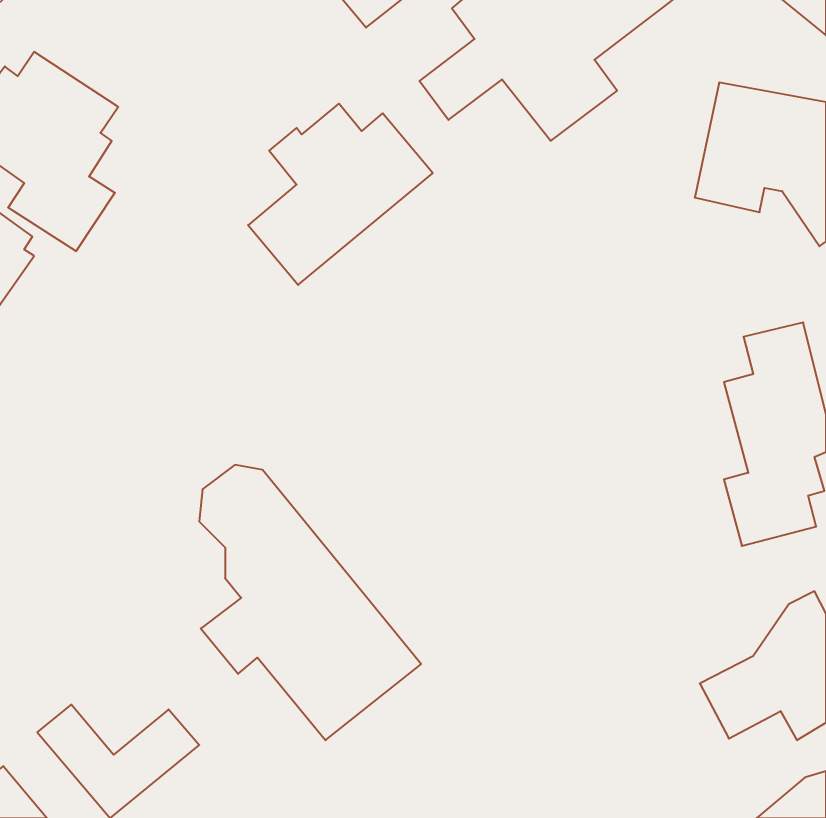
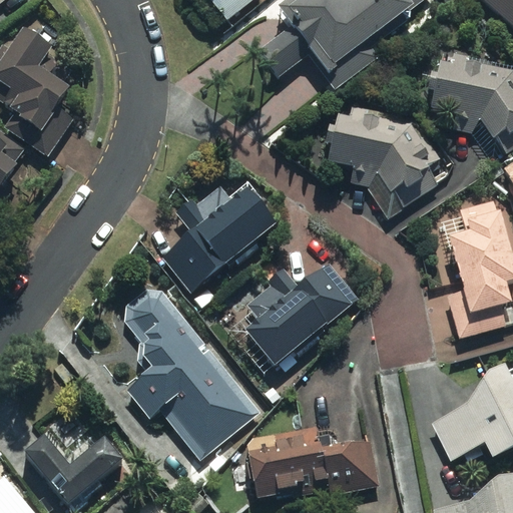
building: [248,104,433,285] -> [163,183,278,296]
building: none -> [329,105,444,216]
building: none -> [244,265,357,367]
building: none -> [247,425,378,495]

